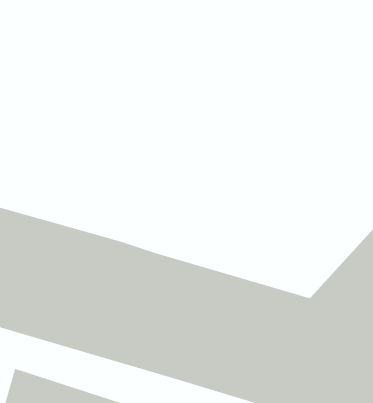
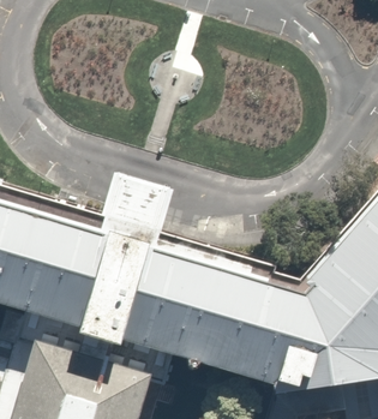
building: none -> [100,174,173,239]

